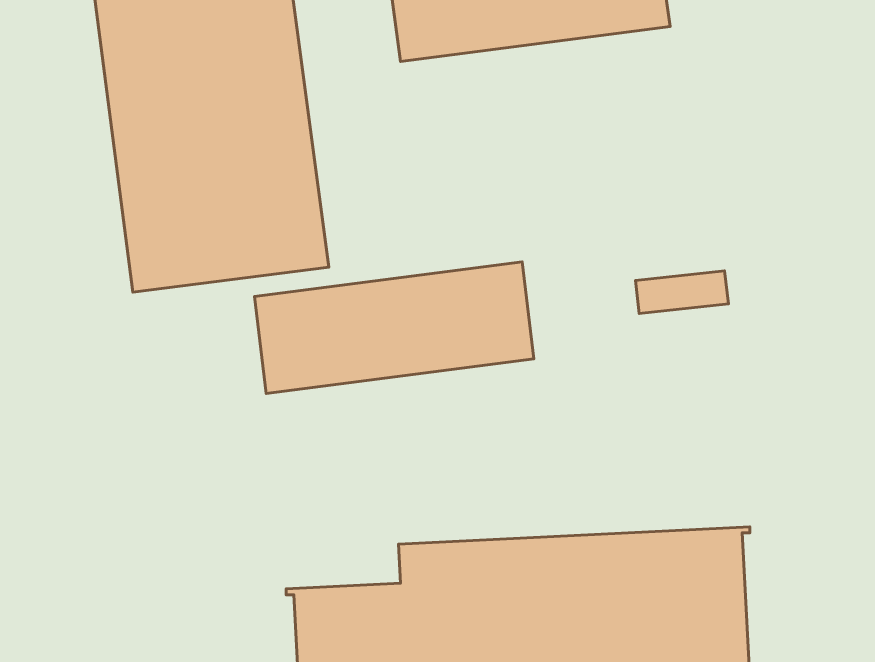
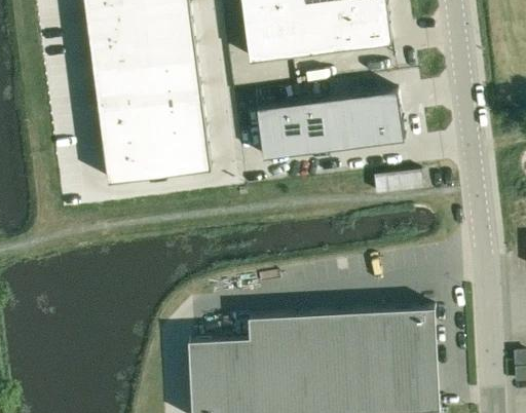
building: [254,262,534,394] -> [256,90,404,160]

